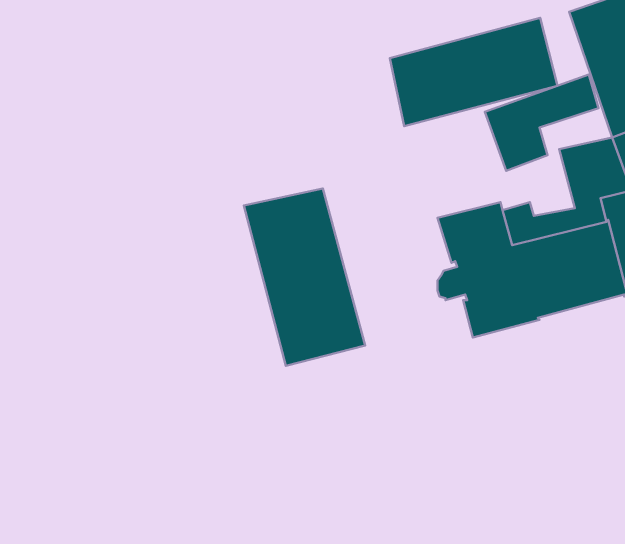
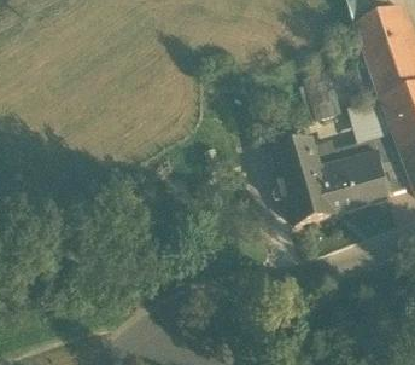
building: [390,18,557,126] -> none
building: [244,189,365,366] -> none

